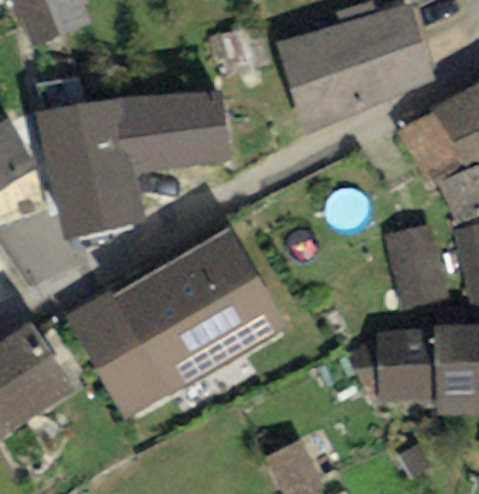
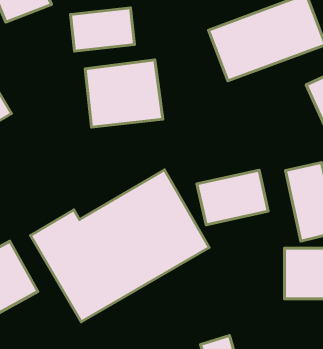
building: none -> [70,8,135,51]
building: [36,99,145,243] -> none
building: none -> [197,170,268,225]

